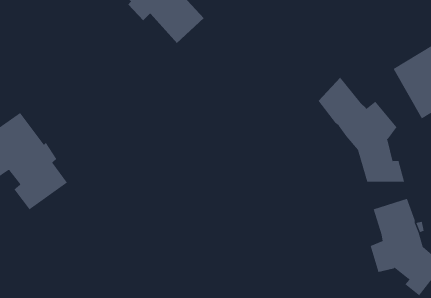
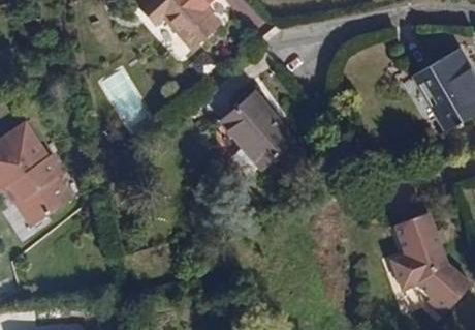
building: [318,77,405,182] -> none
building: none -> [219,91,295,169]

